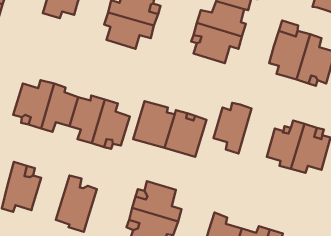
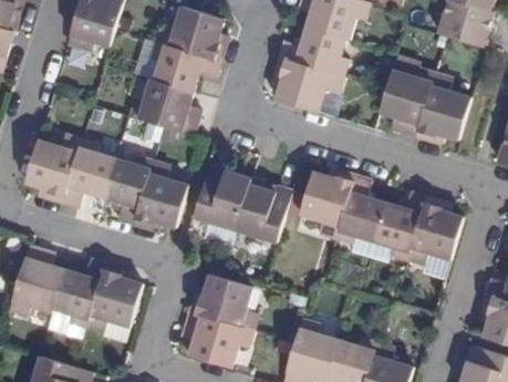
building: none -> [131,80,200,135]
building: none -> [336,174,386,242]
building: none -> [53,260,104,327]

